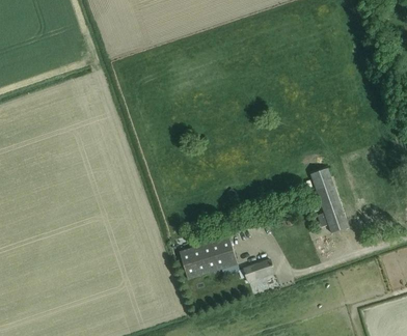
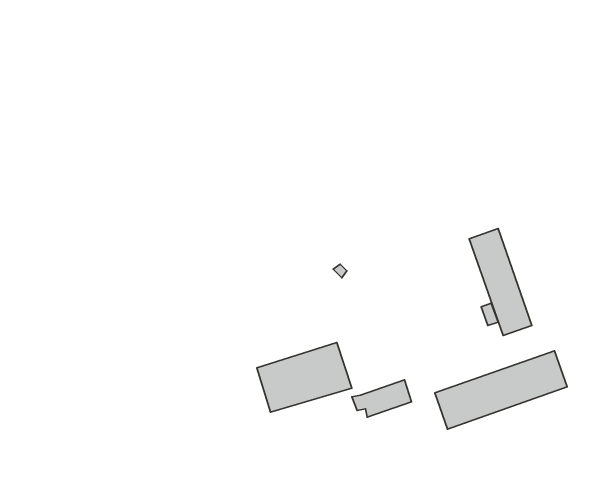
building: none -> [435,351,567,429]

